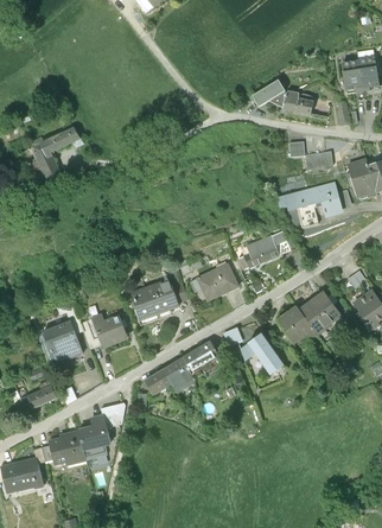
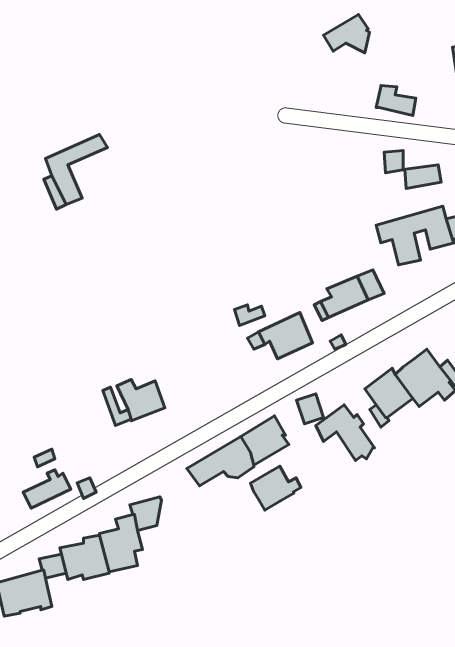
building: [254,81,288,109] -> [324,15,370,53]
building: [133,279,178,317] -> none
building: [45,319,83,361] -> none
building: none -> [251,466,301,510]

